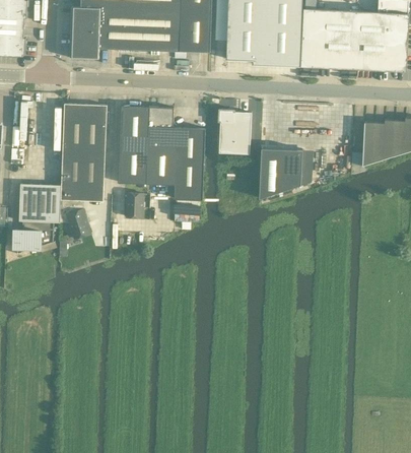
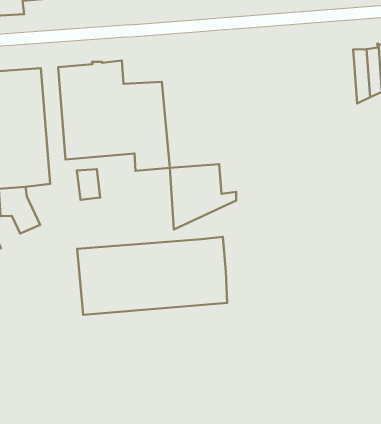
building: [217,109,251,153] -> none
building: [258,147,313,198] -> [170,164,236,229]
building: none -> [77,237,227,315]

